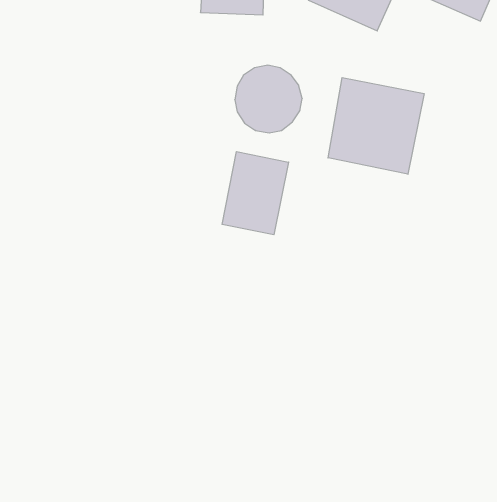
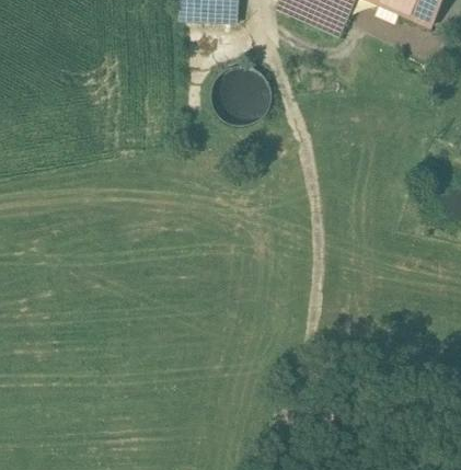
building: [328,78,424,174] -> none
building: [222,152,289,235] -> none

